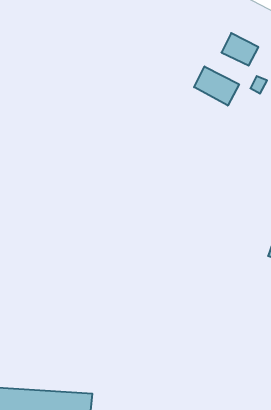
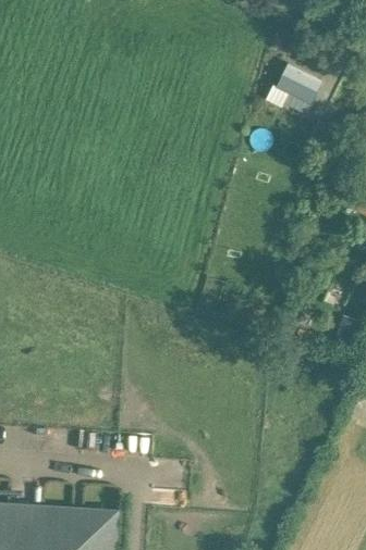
building: [194,66,239,106] -> none

